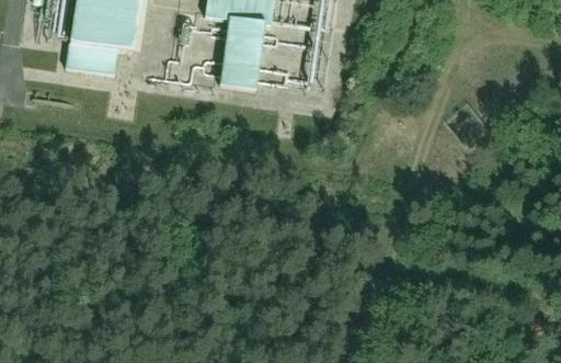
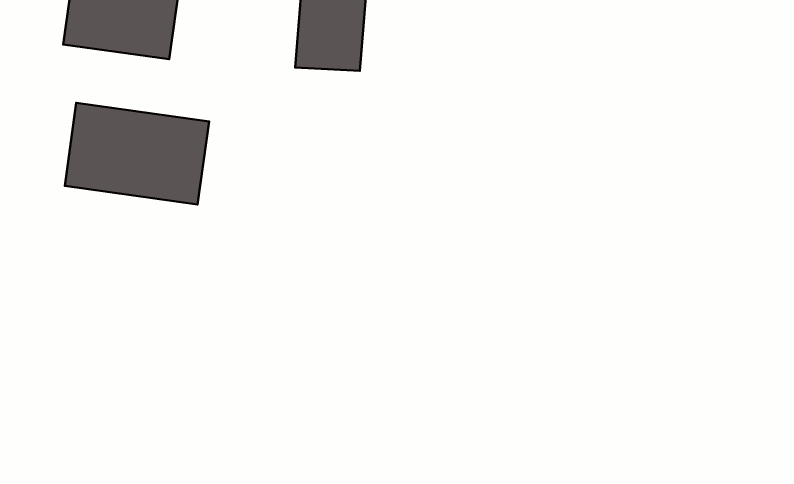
building: none -> [65,103,209,205]

